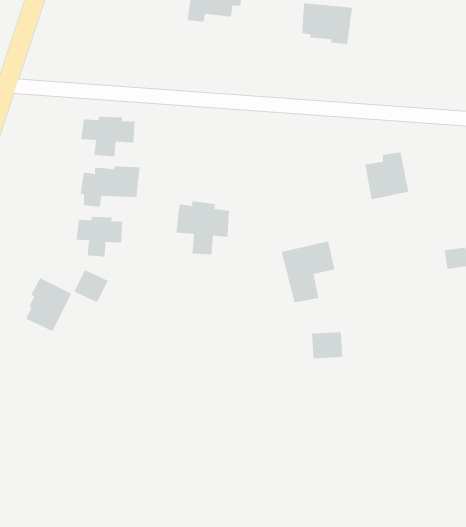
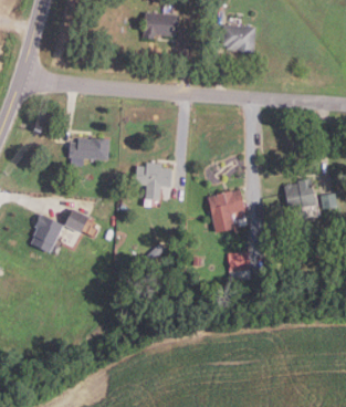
building: [81,116,135,157] -> none
building: [365,152,409,200] -> [285,179,316,212]
building: [76,216,123,257] -> none

